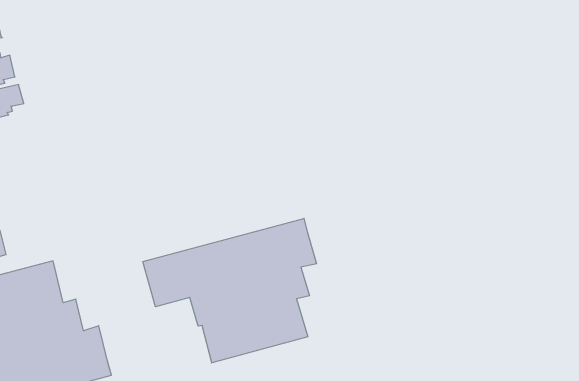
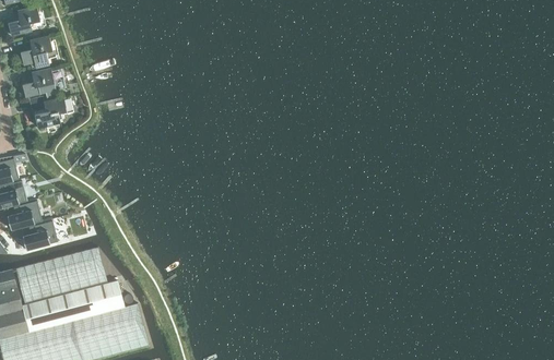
building: [143,218,317,363] -> none

